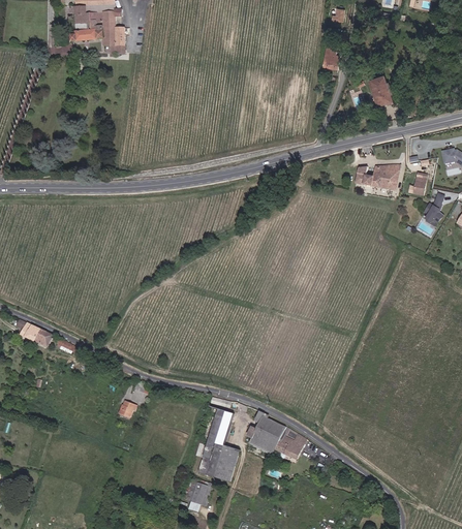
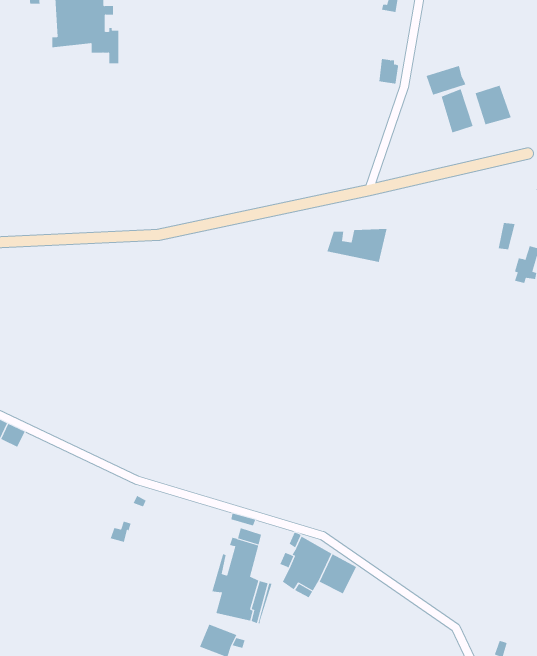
building: none -> [426,65,466,95]
building: none -> [475,85,511,125]
building: [353,165,400,191] -> [326,229,388,262]

